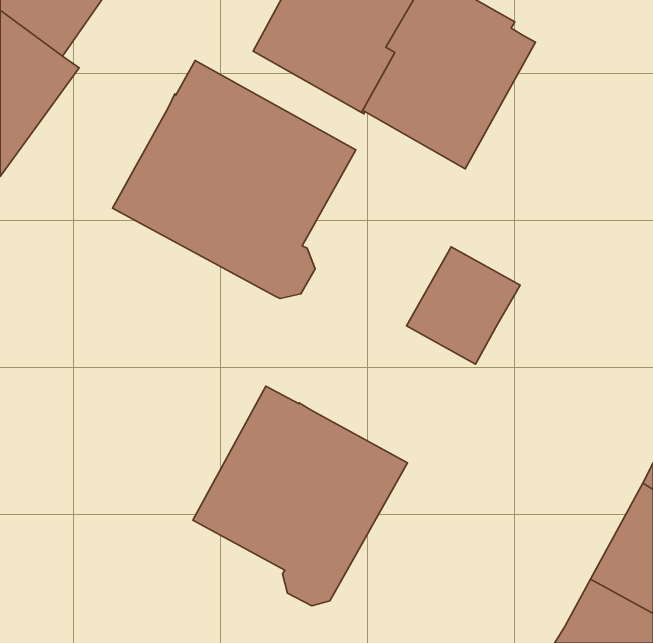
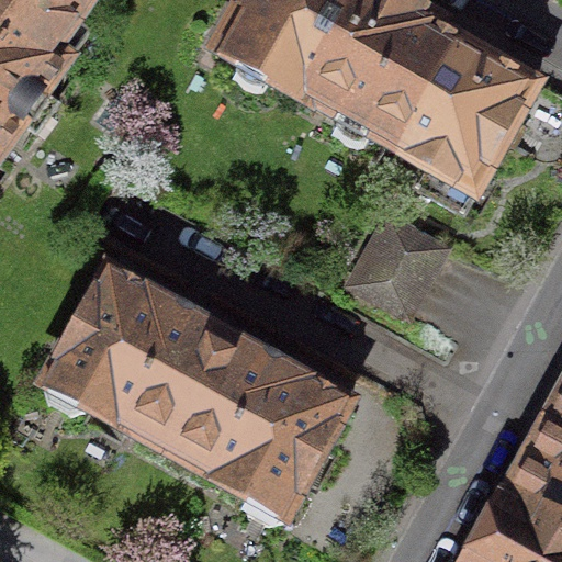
building: none -> [400,36,537,210]
building: [112,60,356,298] -> none
building: none -> [44,265,228,447]

